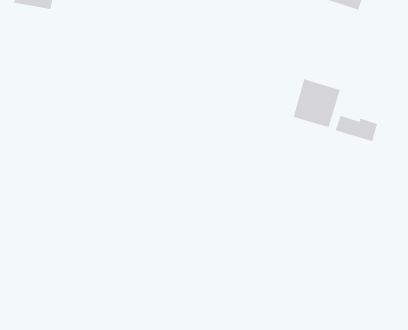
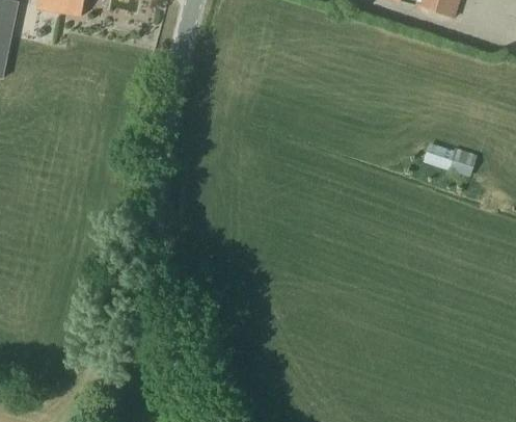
building: [293,78,340,128] -> none

